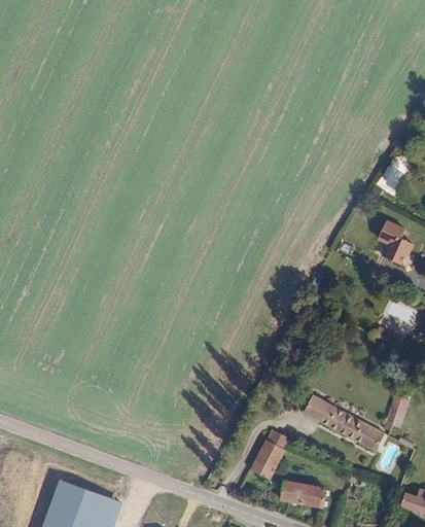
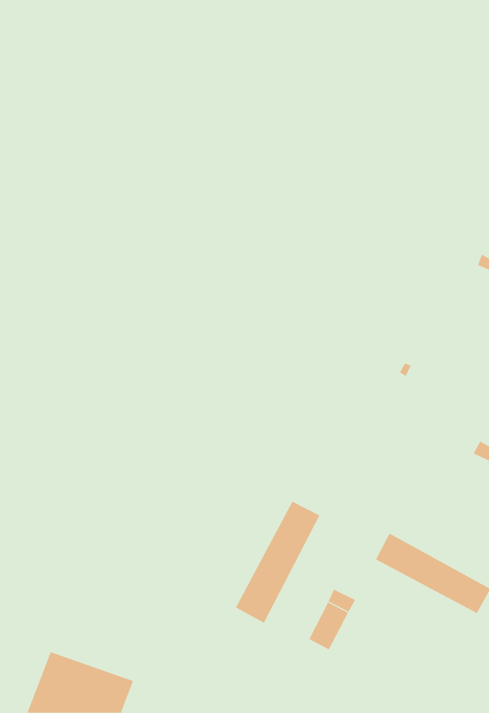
building: none -> [235,501,320,623]
building: [279,483,325,508] -> none

